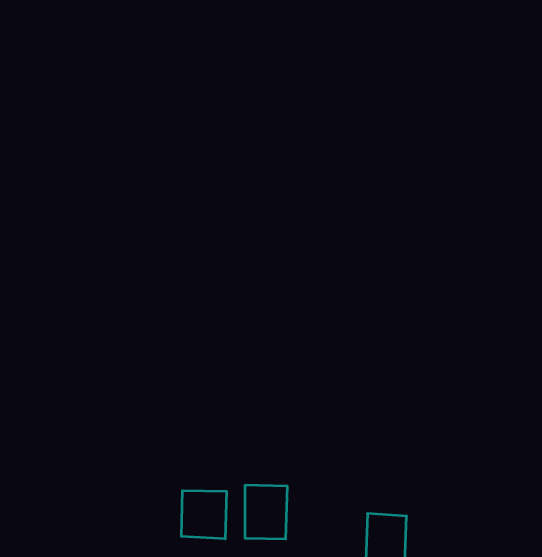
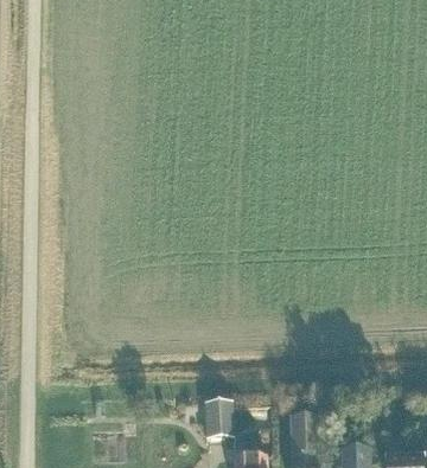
building: [181,491,226,539] -> none

